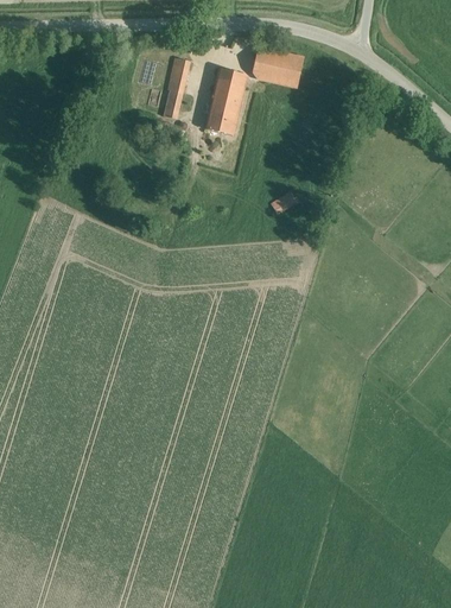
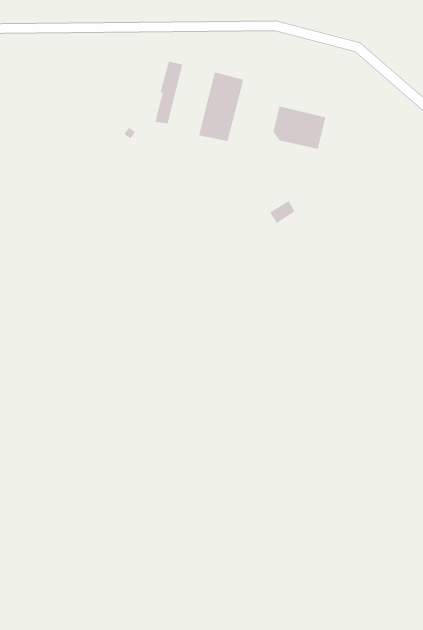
building: [253,46,304,88] -> [272,106,326,149]

